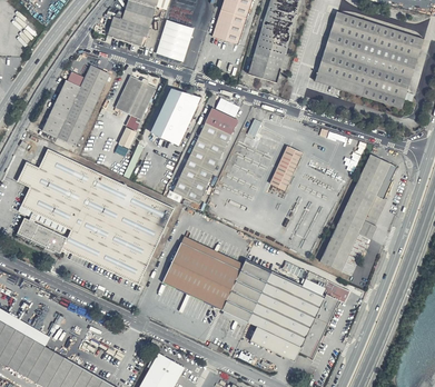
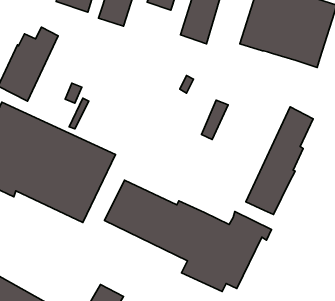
building: [113,76,156,119] -> none
building: [149,88,201,145] -> none
building: [172,107,237,204] -> none

